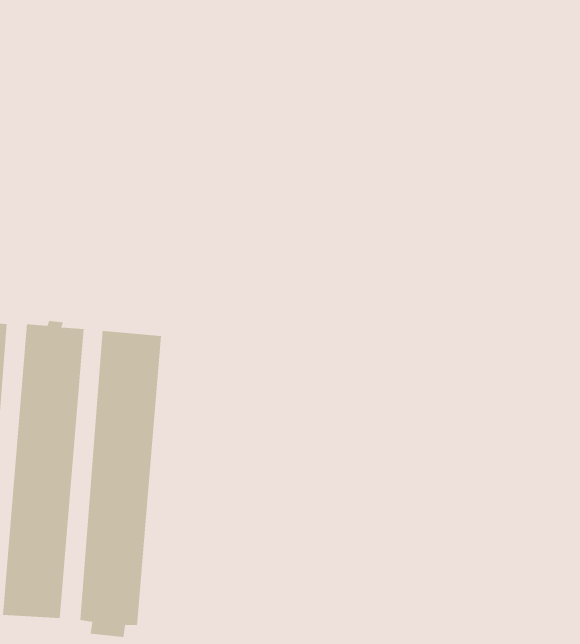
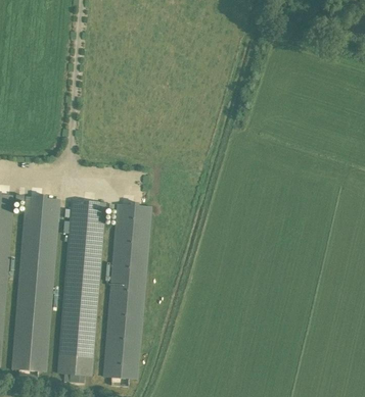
building: none -> [102,201,151,380]

